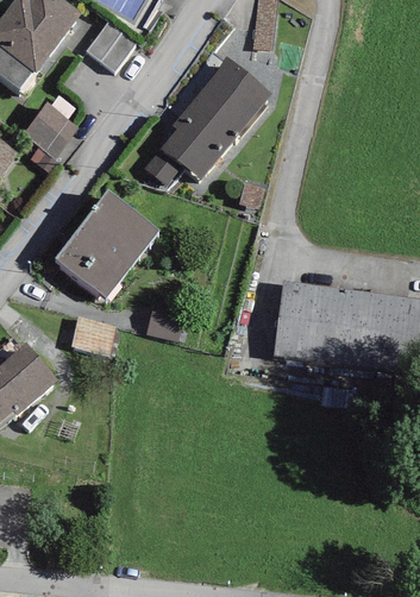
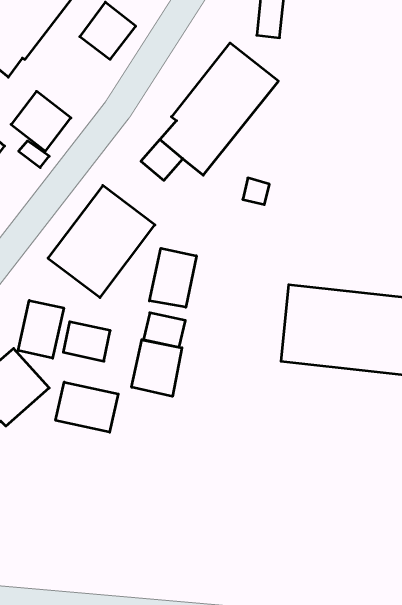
building: none -> [149,248,196,307]
building: none -> [18,300,64,358]
building: none -> [132,340,182,396]
building: none -> [56,382,118,432]

